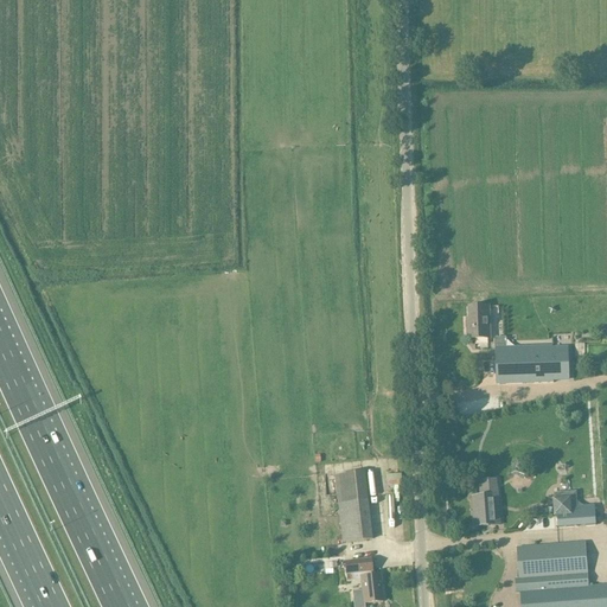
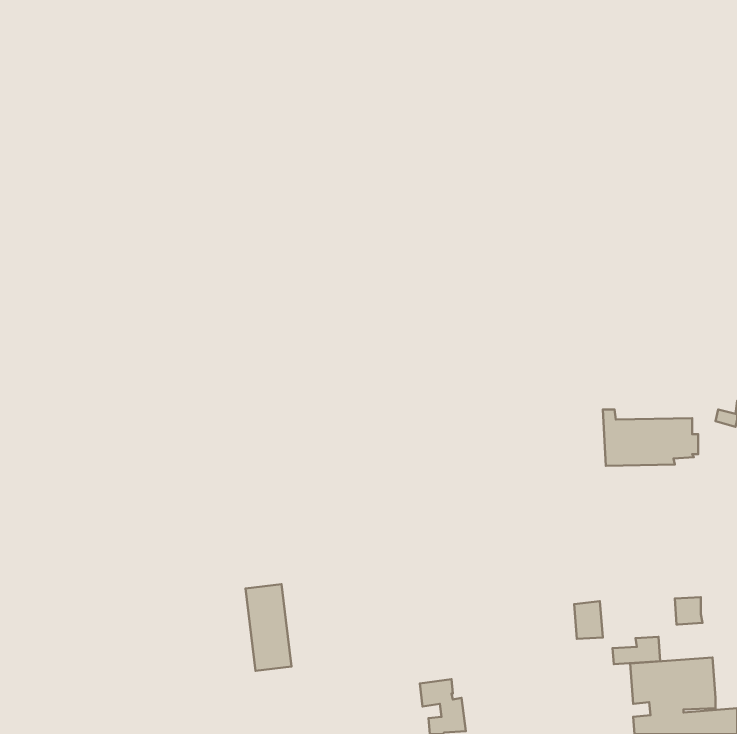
building: [468,305,491,338] -> none
building: [334,471,372,542] -> [245,584,292,671]
building: [557,504,596,526] -> [612,637,660,664]

